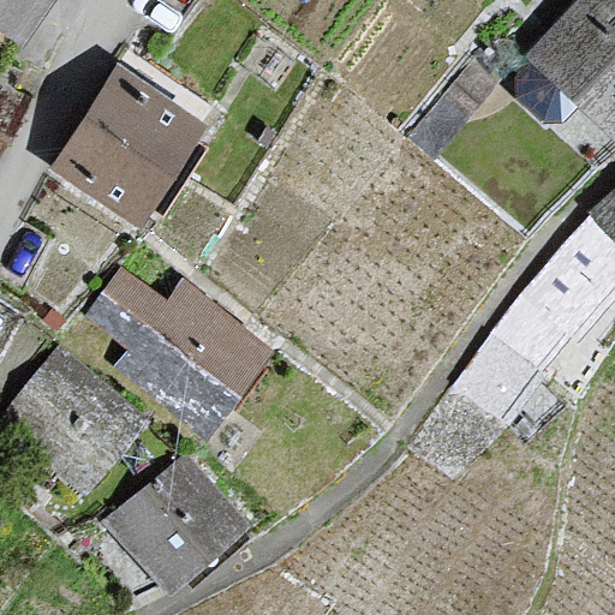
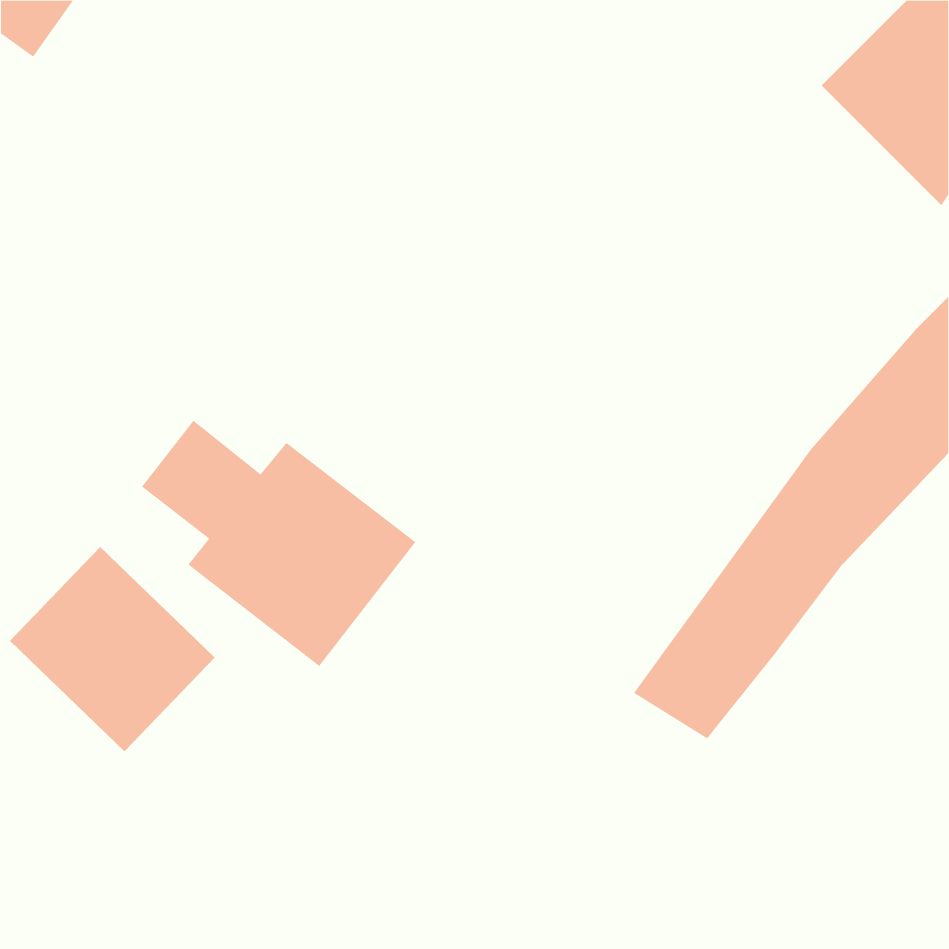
building: [55,67,207,221] -> none
building: [112,459,243,586] -> none

